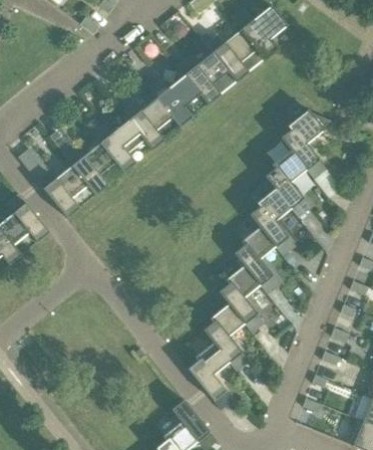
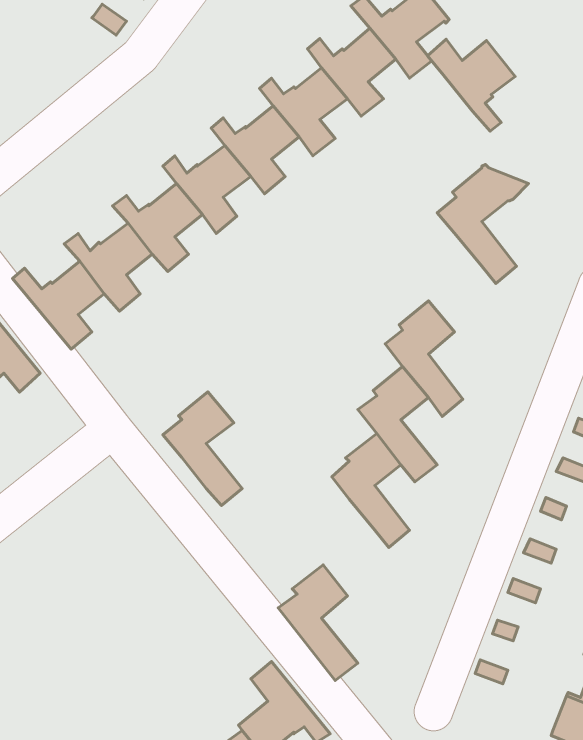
building: none -> [428,39,515,131]
building: [265,151,311,217] -> none
building: [203,304,249,371] -> [163,392,242,506]

